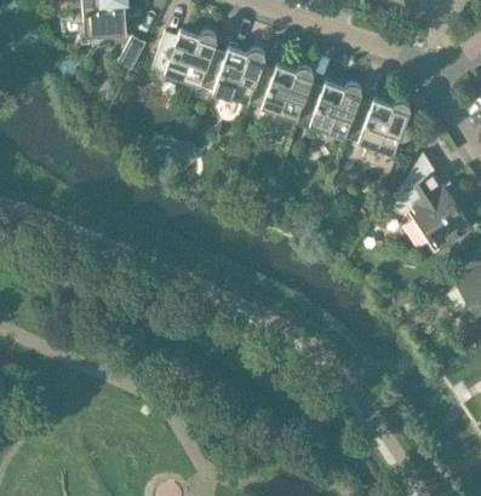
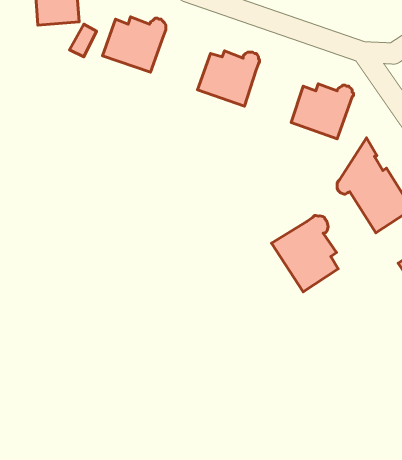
building: [201,48,265,105] -> none
building: [298,82,362,139] -> none
building: none -> [272,215,338,292]

